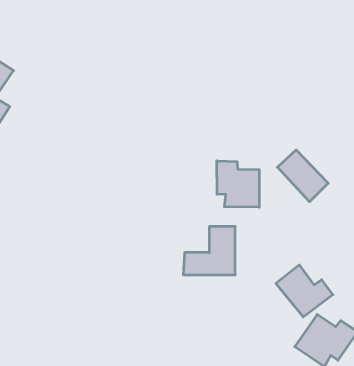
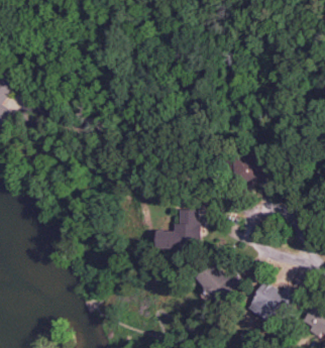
building: [217,161,259,207] -> none
building: [276,265,333,317] -> [194,260,240,303]

